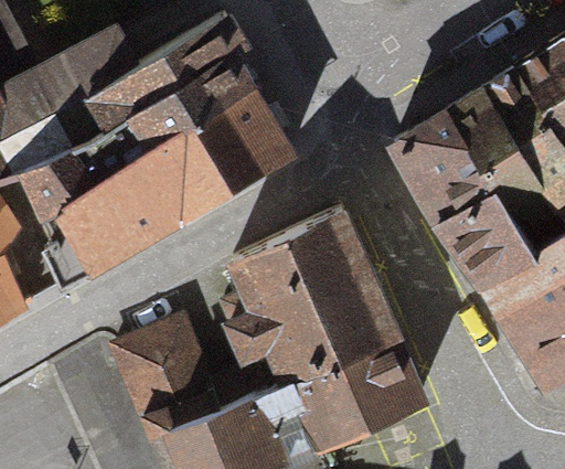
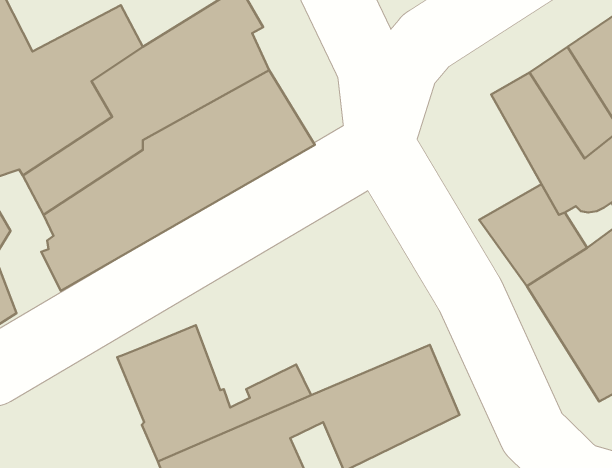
building: [394,114,494,226] -> none
building: [221,211,394,384] -> none

